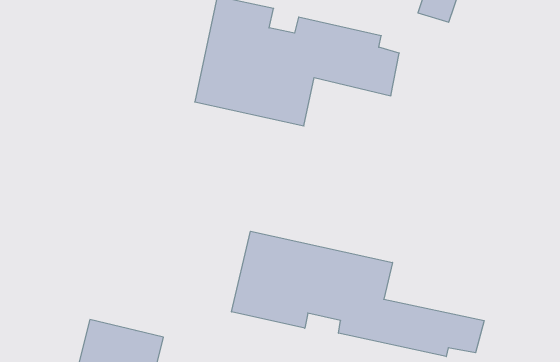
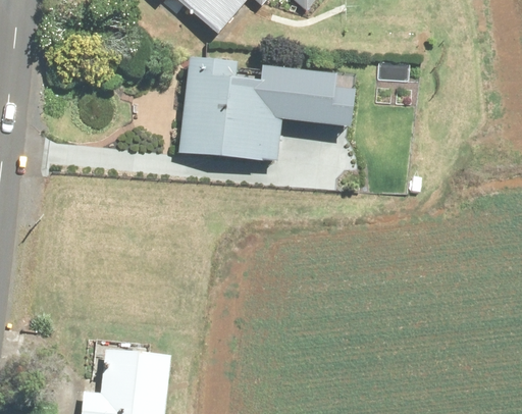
building: [232,231,484,357] -> none

